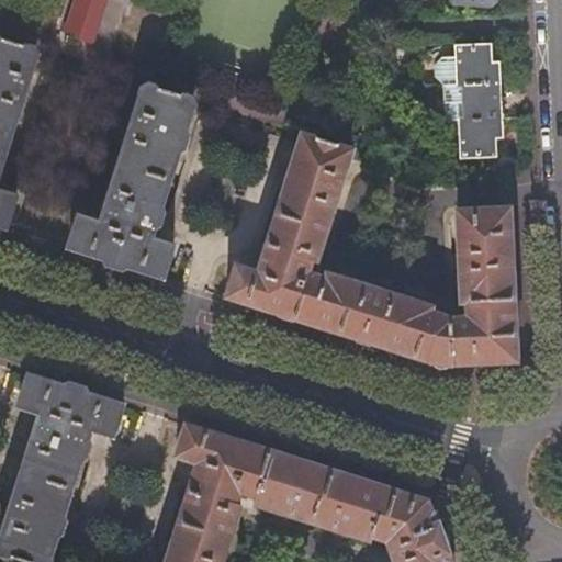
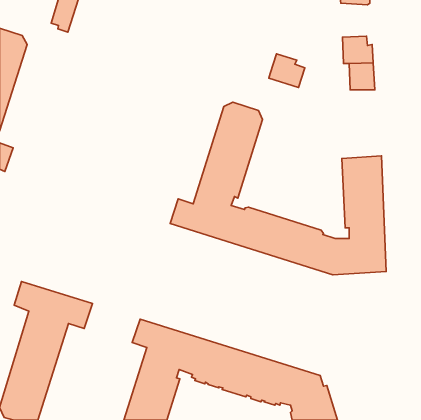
building: none -> [269,54,305,88]
building: [69,87,193,278] -> none
building: [460,120,499,153] -> none

